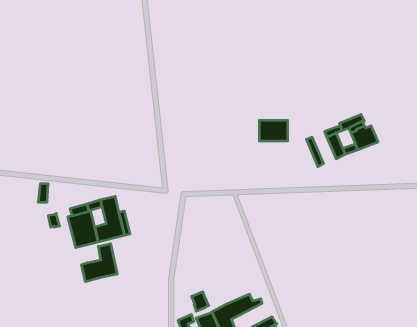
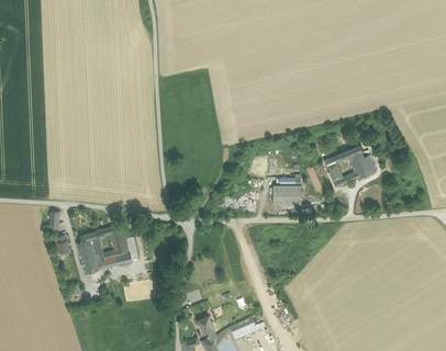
building: [259,120,288,141] -> [274,185,301,205]
building: [82,244,117,282] -> none

